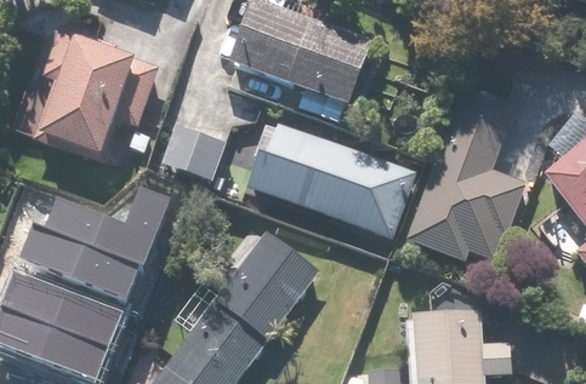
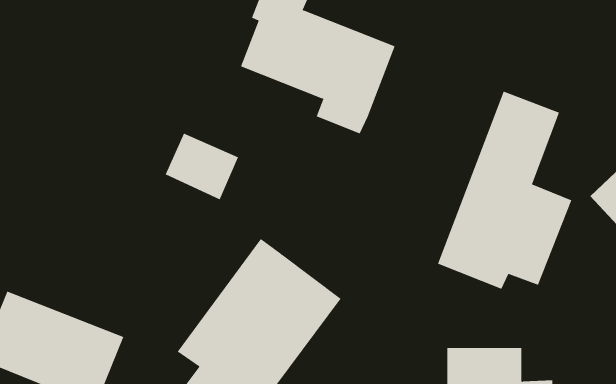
building: [34,28,140,166] -> none
building: [243,122,416,240] -> none
building: [32,185,176,288] -> none

